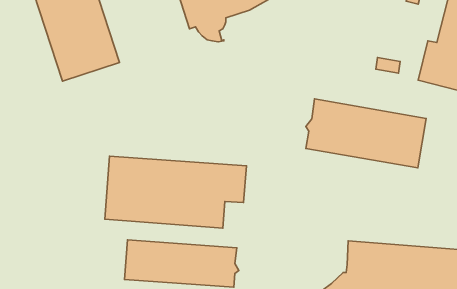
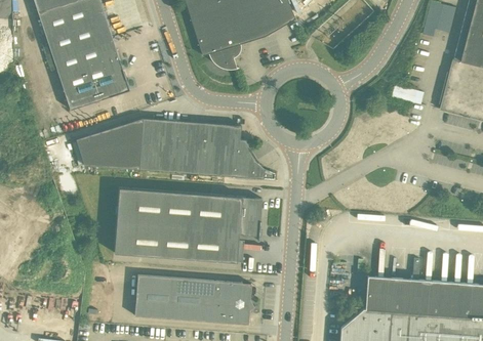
building: none -> [76,118,274,179]
building: [306,99,426,168] -> none

